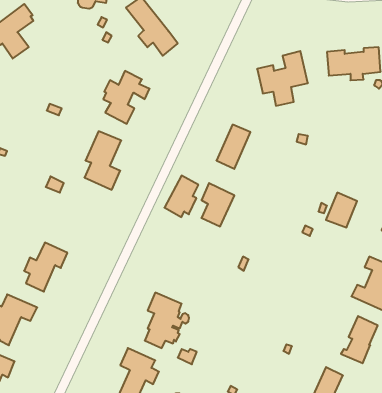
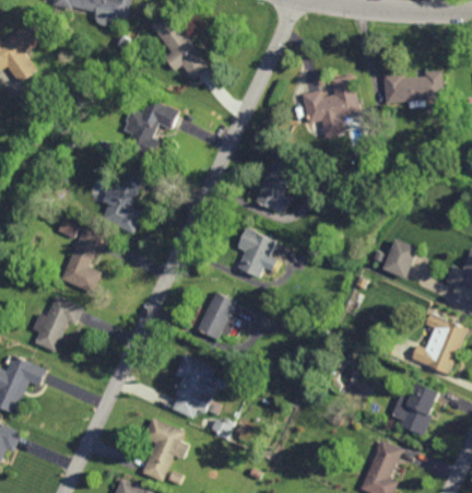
building: [164,176,198,217] -> [197,292,236,340]
building: none -> [60,228,102,294]

